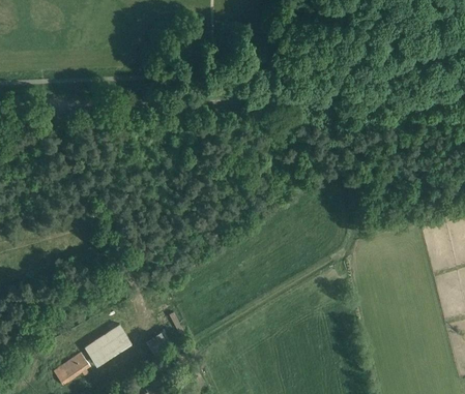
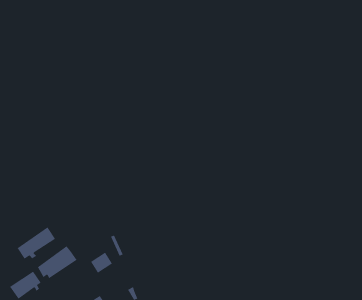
building: none -> [17,226,56,259]

